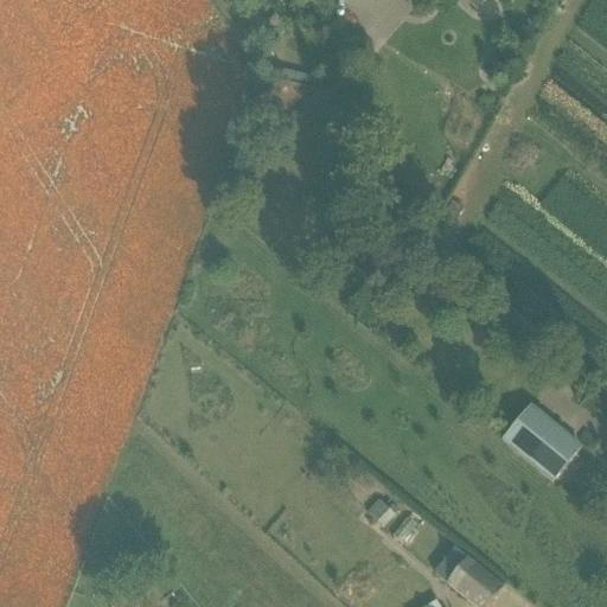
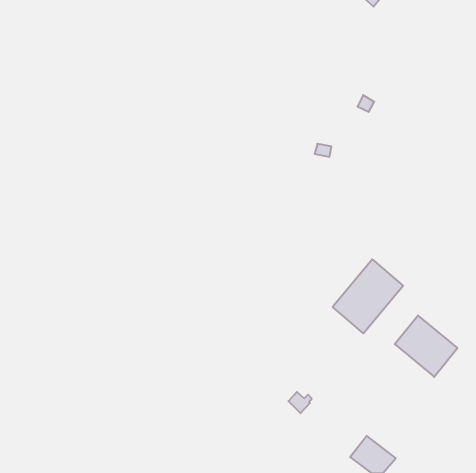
building: none -> [333,259,403,333]

